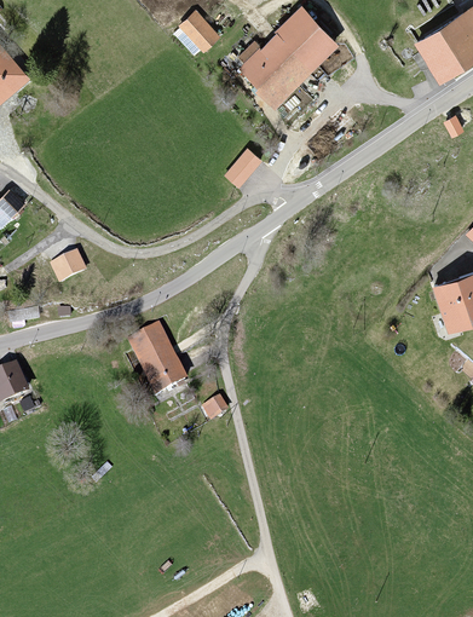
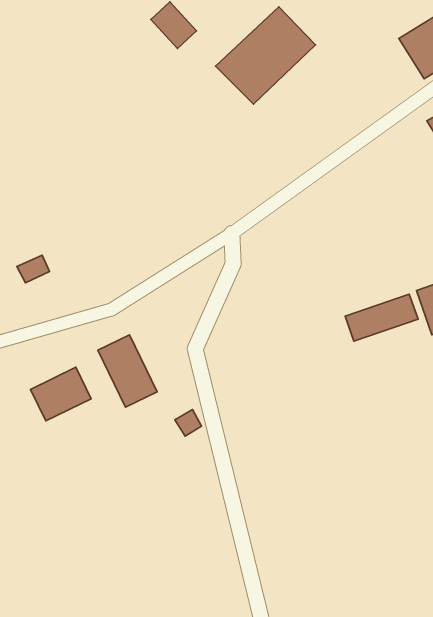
building: [225,150,259,185] -> none
building: none -> [345,294,418,341]
building: none -> [30,367,91,421]

